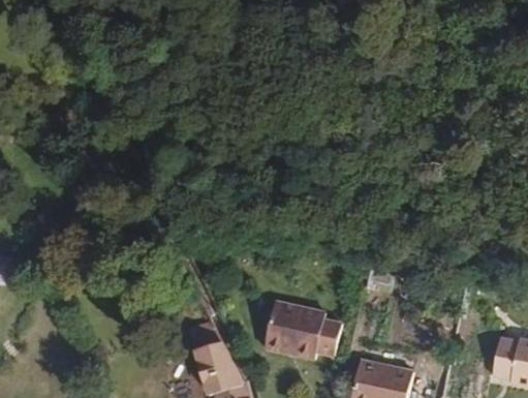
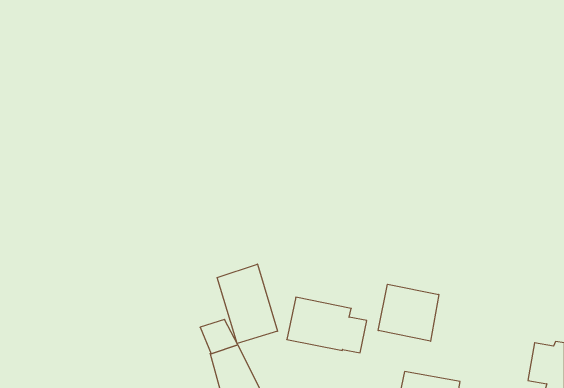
building: none -> [217,264,278,344]
building: none -> [378,284,439,341]

